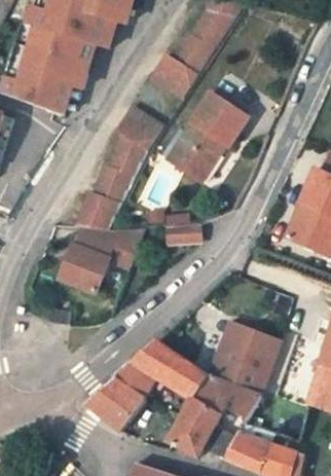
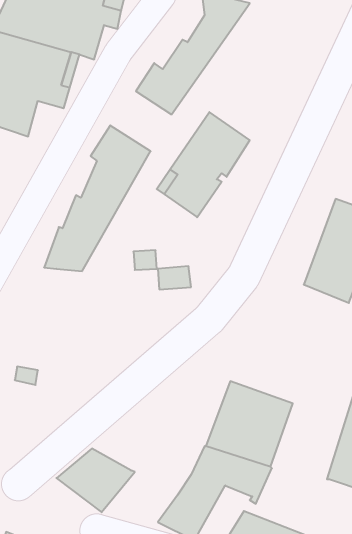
building: [59,227,142,292] -> none
building: [111,341,206,400] -> none

